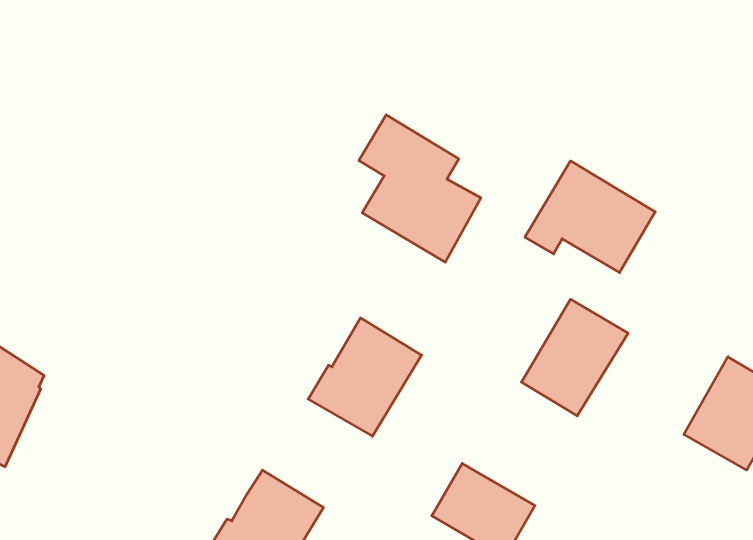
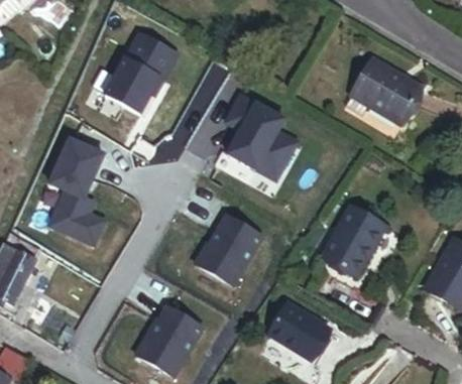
building: none -> [105,30,180,114]
building: [525,161,655,273] -> [344,62,422,129]
building: none -> [49,137,106,245]

